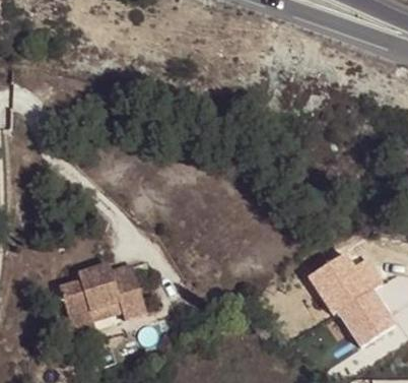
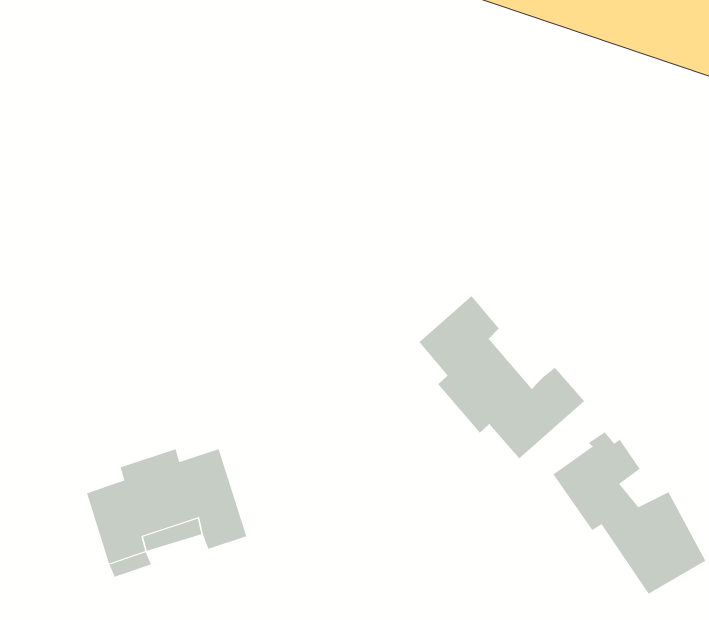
building: none -> [419,295,585,459]

